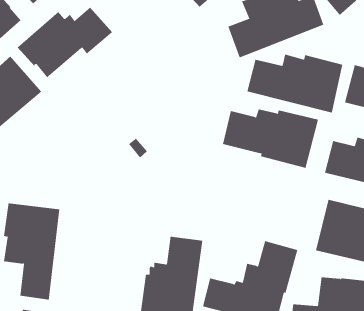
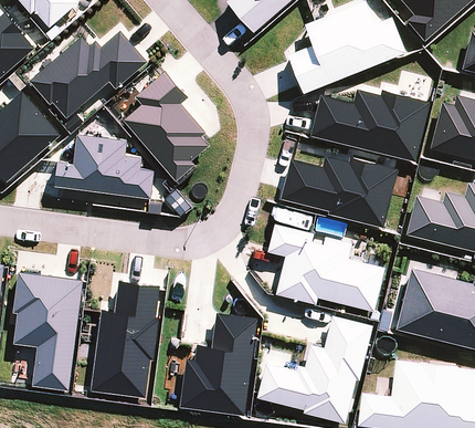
building: none -> [123,70,212,181]
building: none -> [54,134,152,199]
building: none -> [265,223,384,313]
building: none -> [91,280,159,398]

